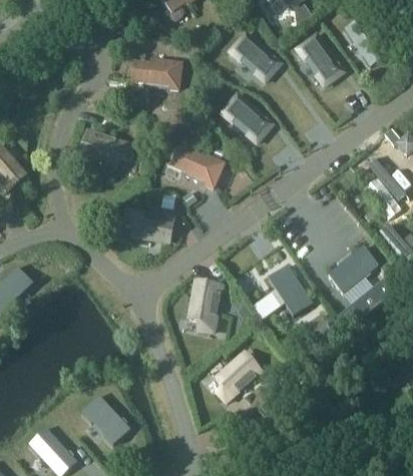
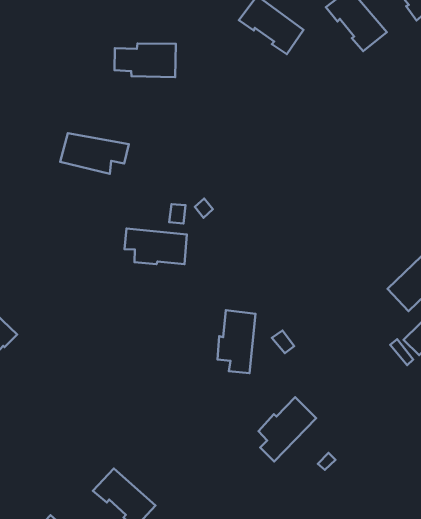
building: [223,96,273,144] -> none
building: [169,148,223,187] -> none
building: [267,265,313,316] -> none

